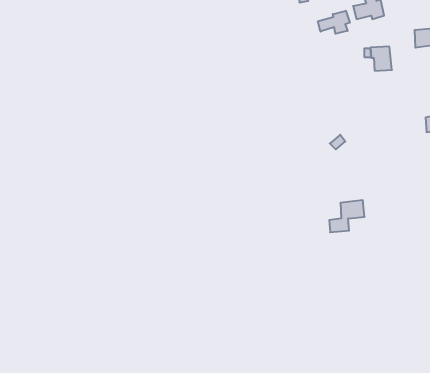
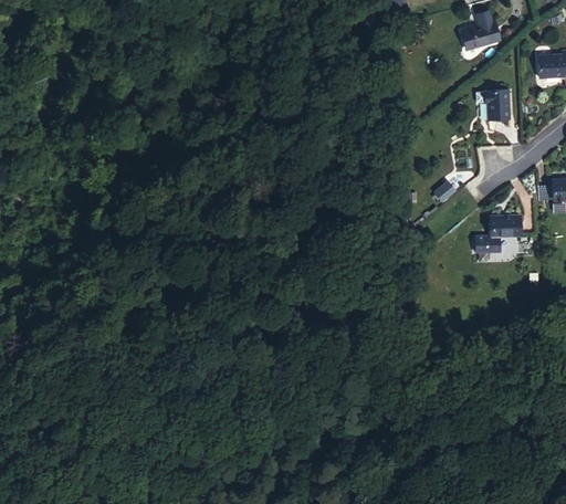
building: [318,11,350,34] -> none
building: [329,200,365,232] -> [478,212,523,253]

